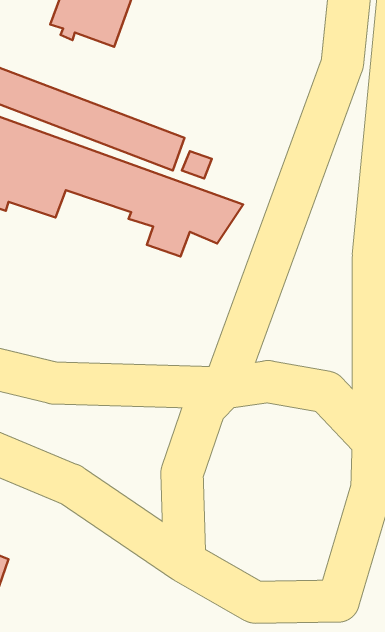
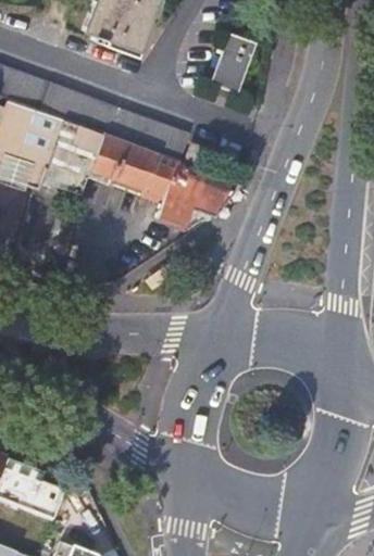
building: none -> [210,34,253,93]

